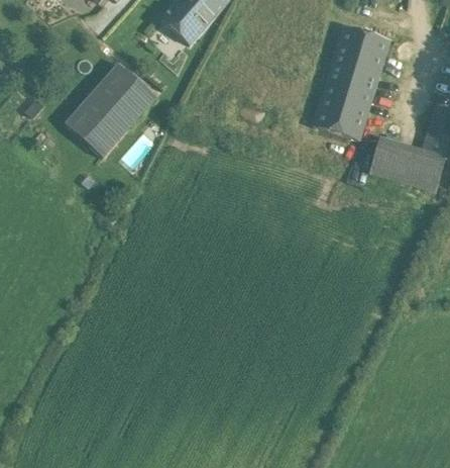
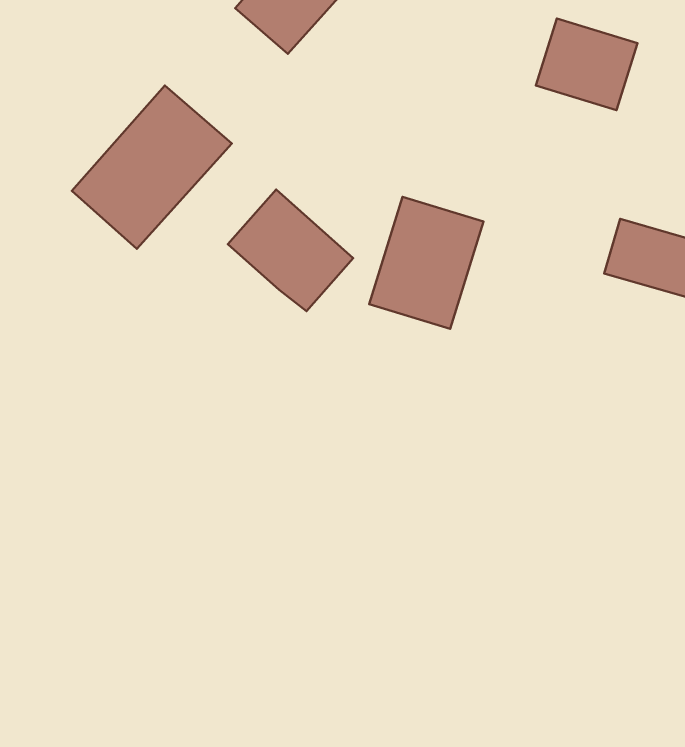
building: [313,63,378,138] -> [369,197,483,329]
building: none -> [228,190,353,311]

